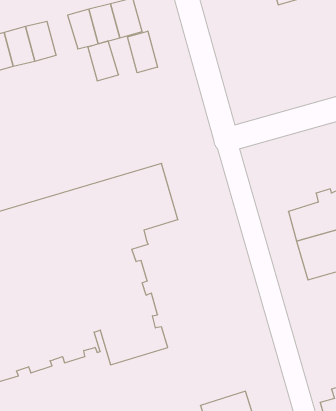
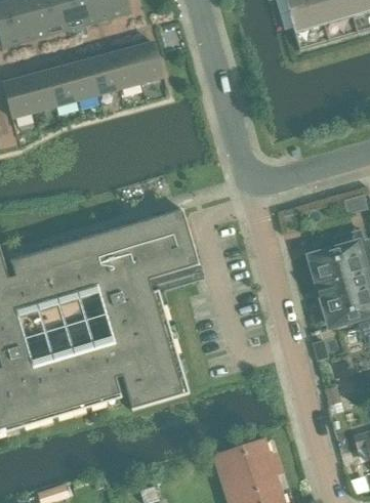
building: [127,31,158,73] -> none
building: [88,41,119,81] -> [68,60,98,100]

